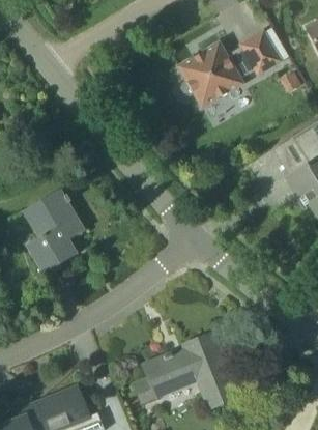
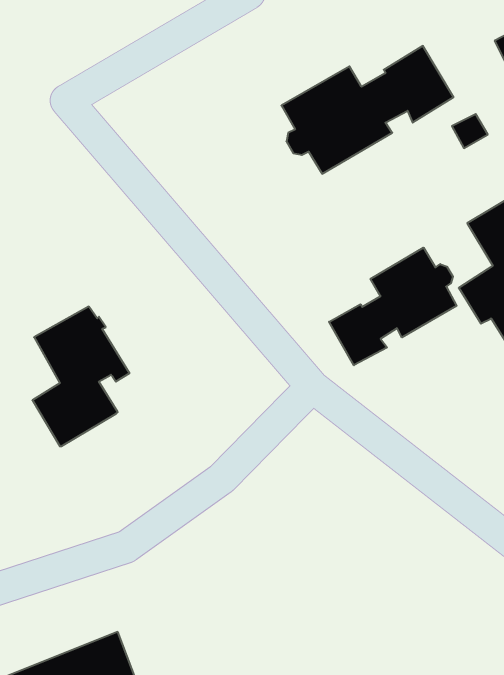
building: none -> [329,248,457,365]
building: [134,333,237,408] -> none

